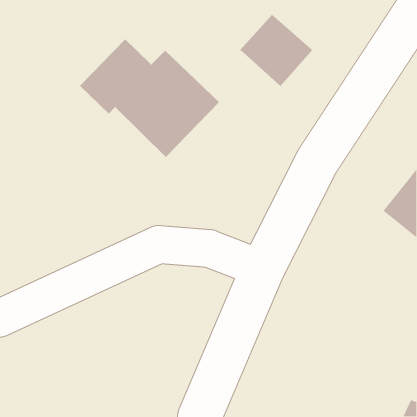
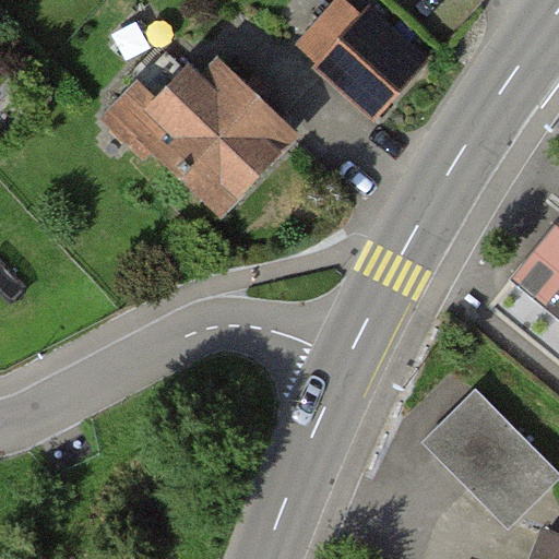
building: none -> [426,393,540,508]

